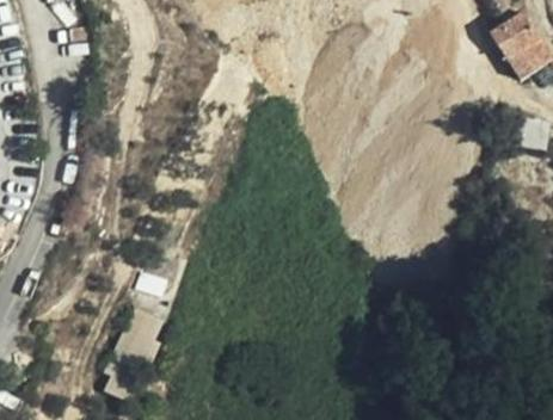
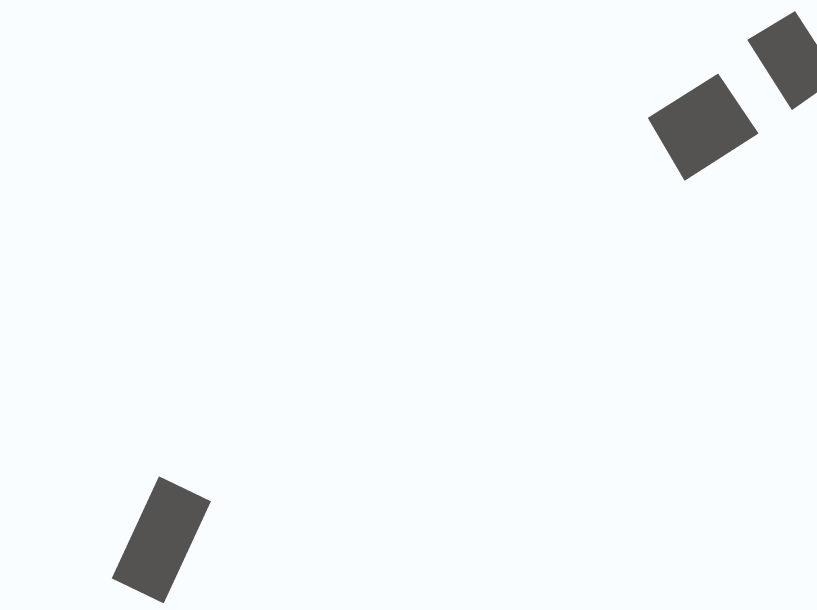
building: none -> [647,73,759,182]

